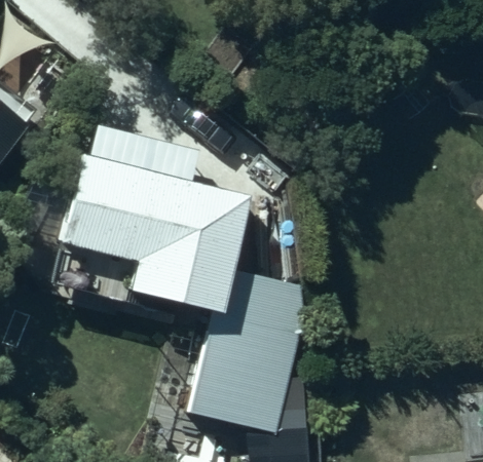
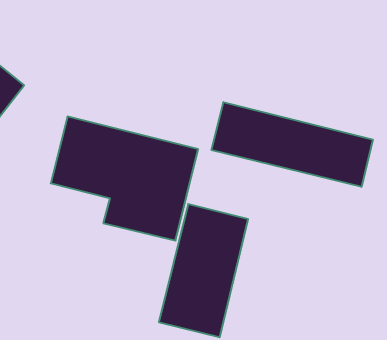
building: none -> [212,102,373,187]

